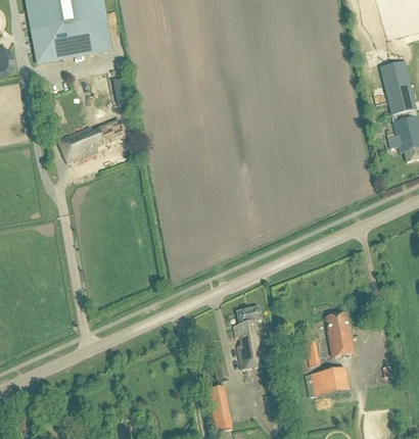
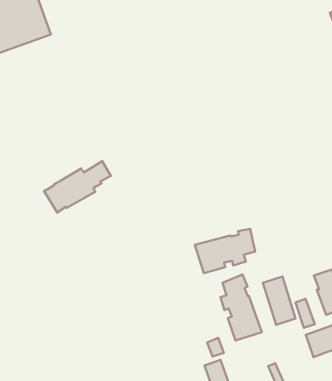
building: [57,119,124,162] -> [44,161,111,213]
building: none -> [195,229,255,273]
building: none -> [263,277,296,325]

